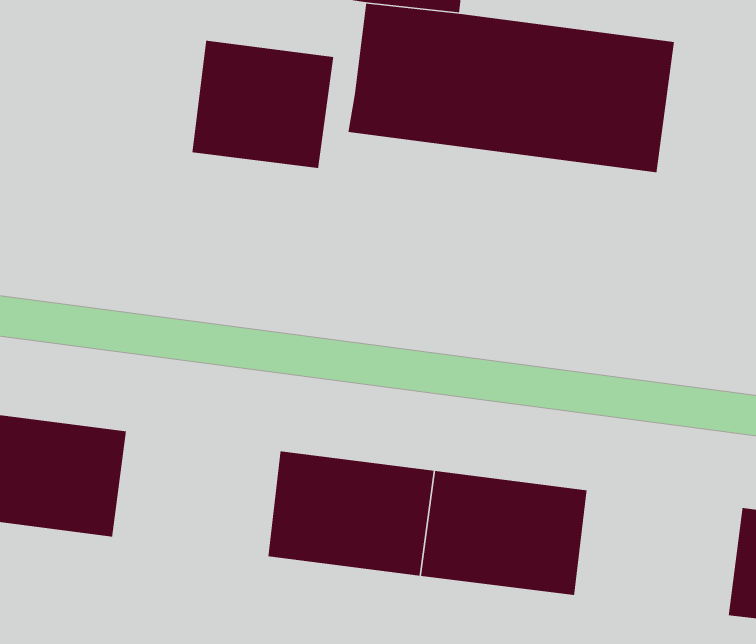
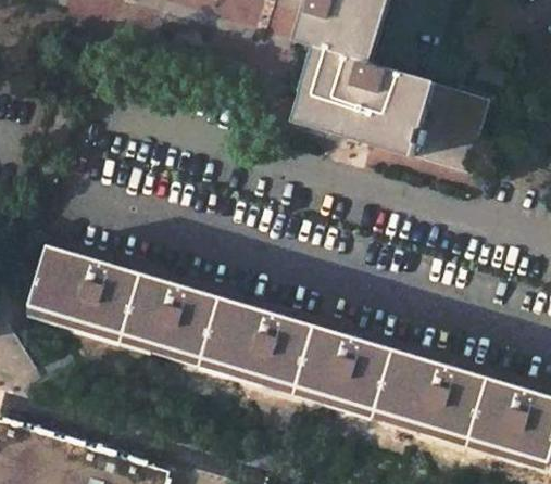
building: [192,40,334,169] -> none
building: none -> [114,271,218,357]
building: none -> [374,349,478,435]

